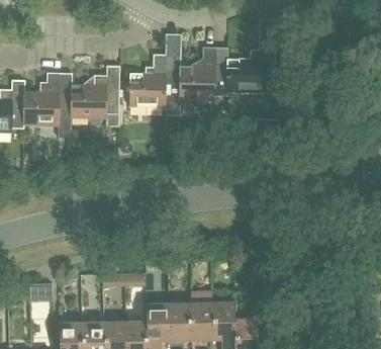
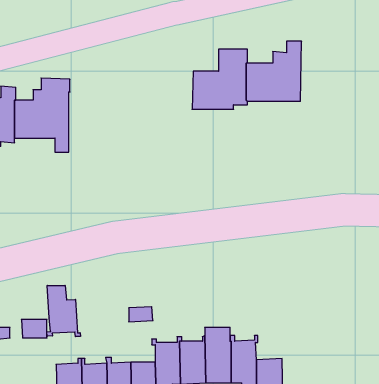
building: [128,55,180,107] -> none
building: [71,66,119,118] -> none
building: none -> [47,285,80,337]

